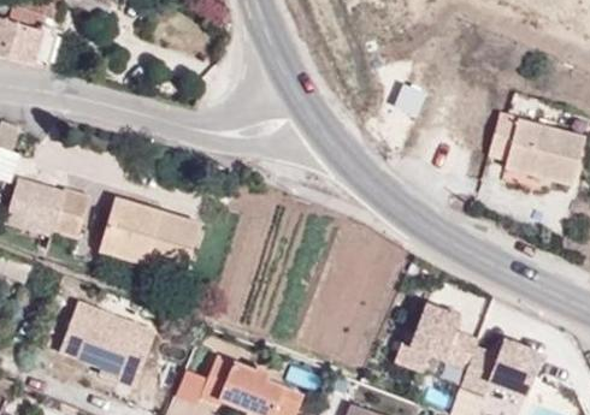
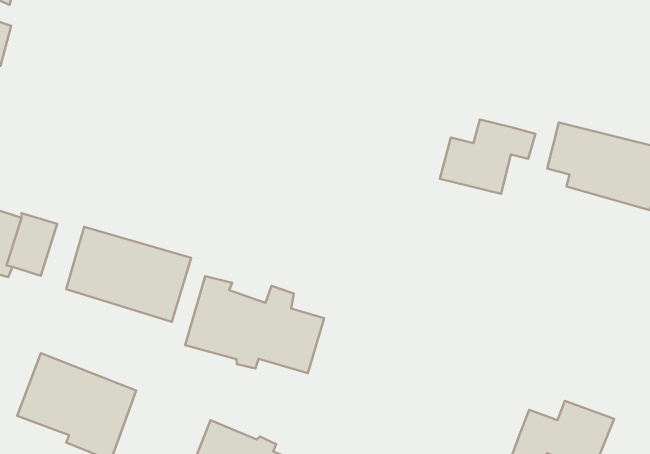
building: none -> [440,119,535,194]
building: none -> [185,276,324,373]
building: [394,303,476,370] -> none

